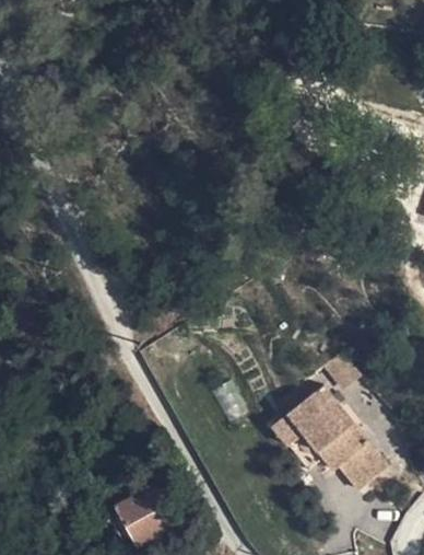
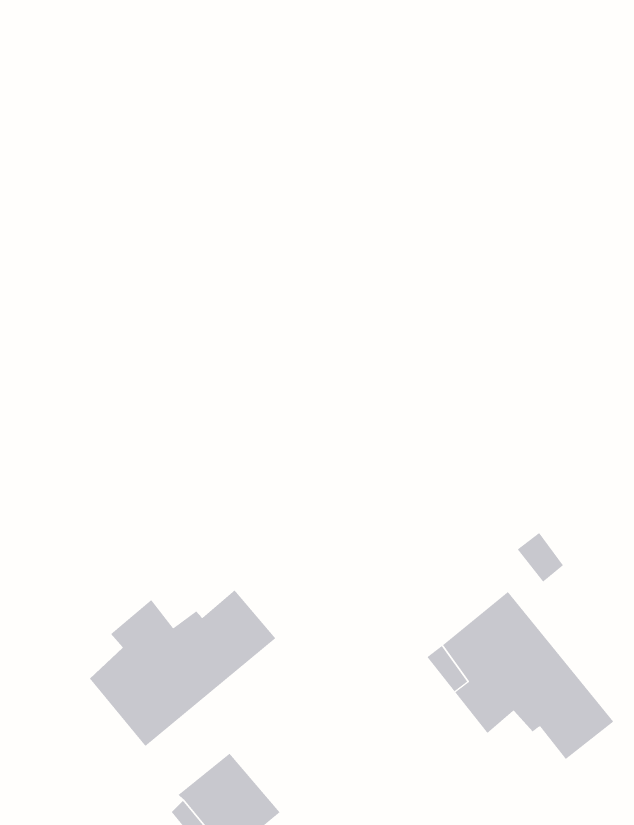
building: none -> [89,590,276,747]

